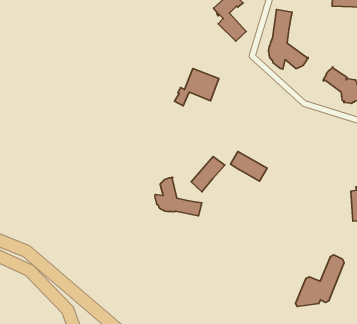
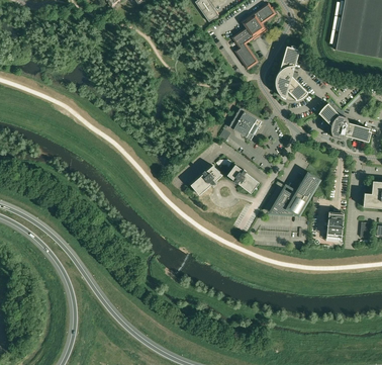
building: [175,68,219,106] -> [218,108,260,140]
building: [155,177,202,216] -> none
building: [296,255,344,307] -> [270,173,317,213]

